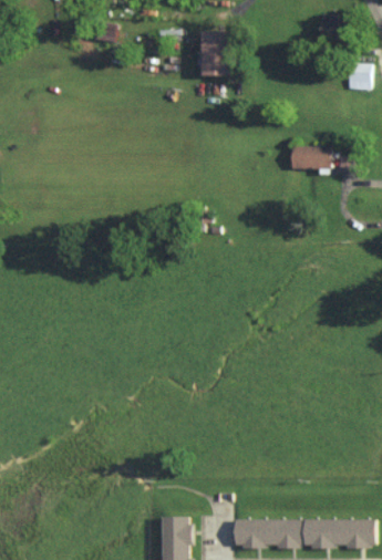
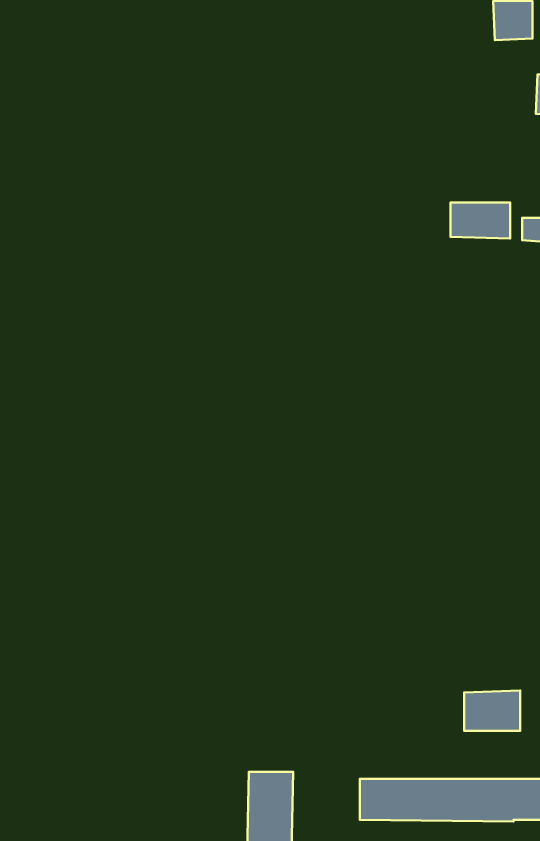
building: [202,31,231,76] -> none
building: none -> [464,691,520,731]

